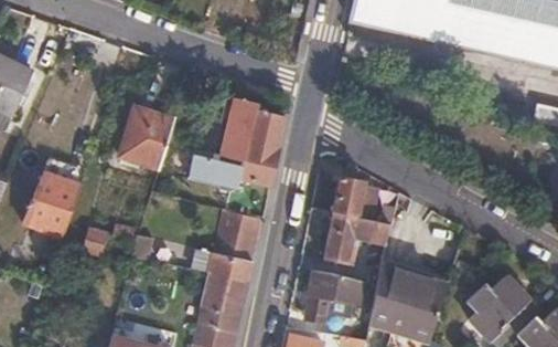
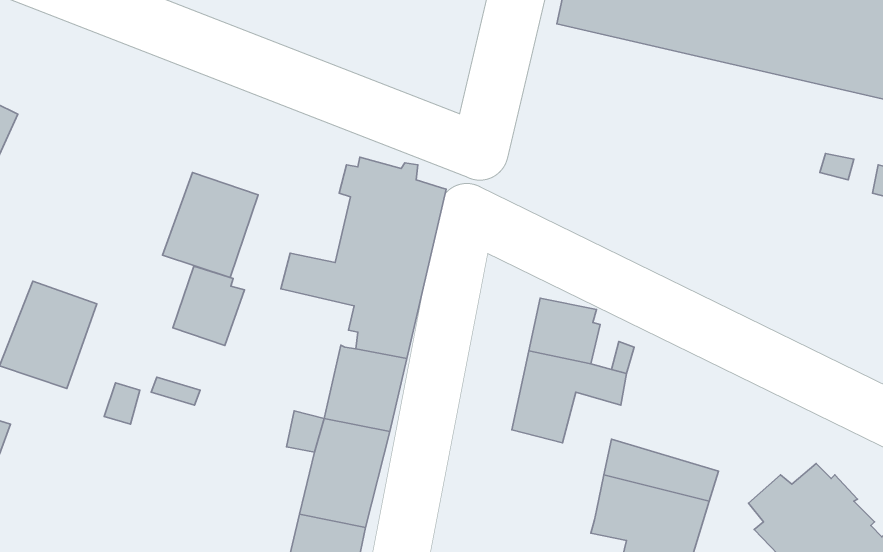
building: none -> [173,266,244,346]
building: [304,270,378,318] -> none

